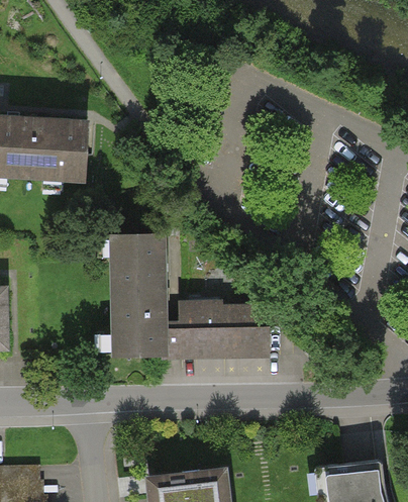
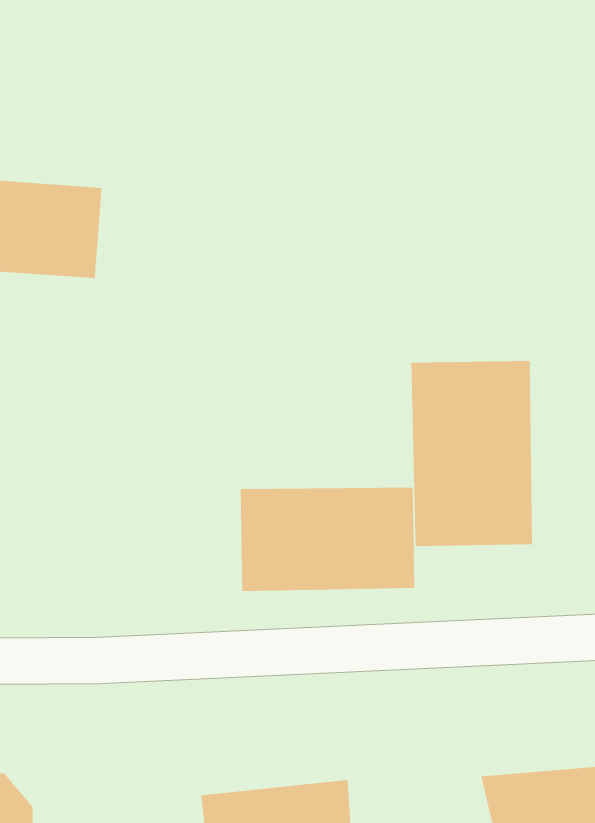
building: none -> [411,360,533,547]
building: [108,236,168,361] -> none

